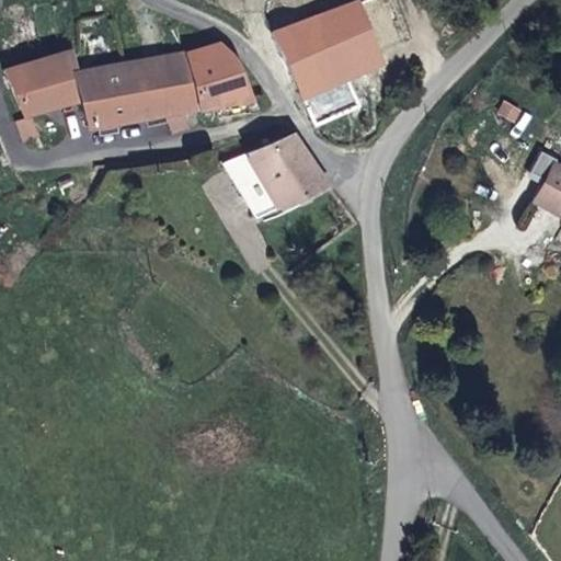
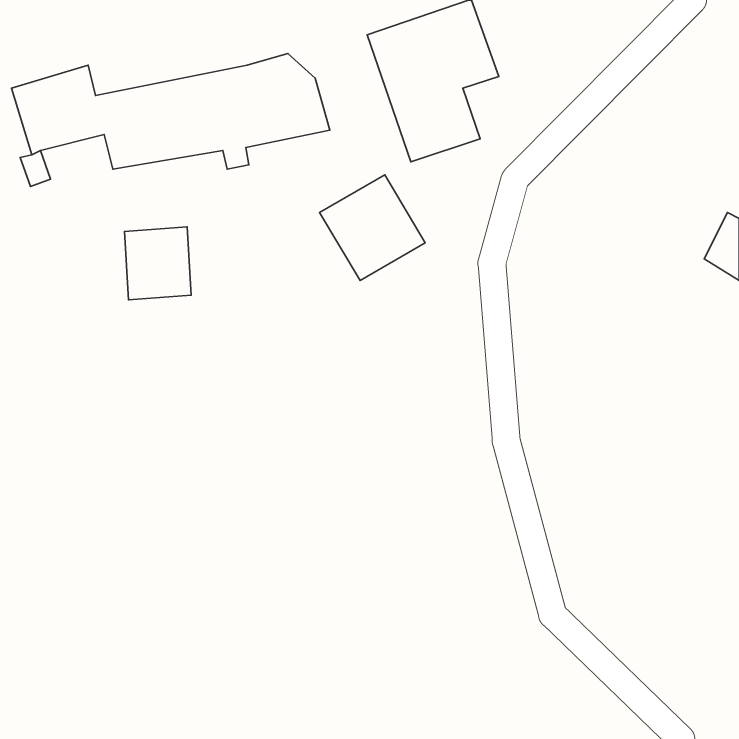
building: none -> [124,227,191,300]

